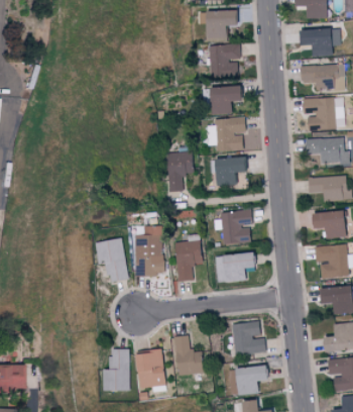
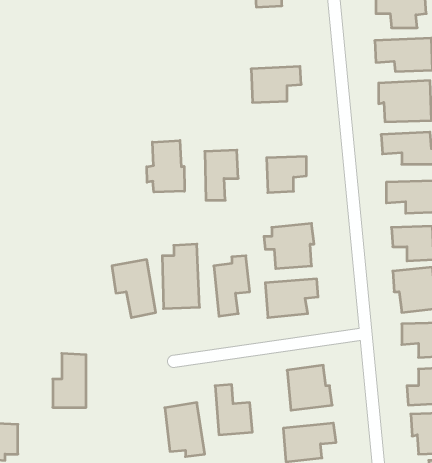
building: [209,43,240,78] -> none
building: [207,117,246,150] -> none
building: none -> [147,140,184,192]
building: [103,348,129,391] -> [53,353,86,407]

